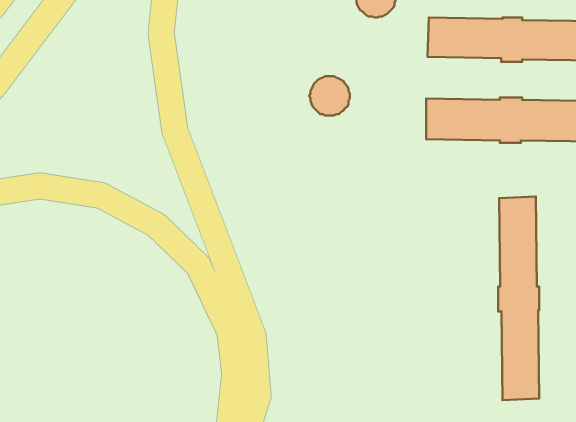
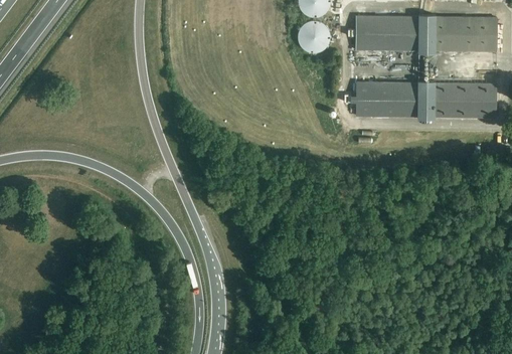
building: [309,76,350,115] -> [297,19,330,51]
building: [498,197,539,400] -> none

